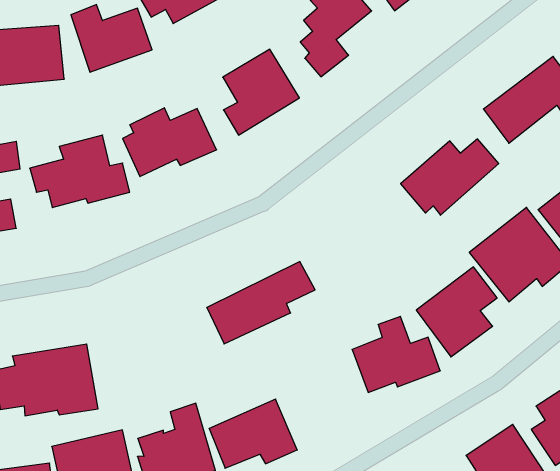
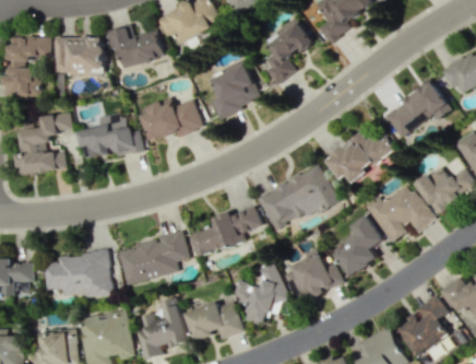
building: none -> [257,165,336,233]
building: none -> [117,233,188,284]
building: none -> [233,262,293,322]

